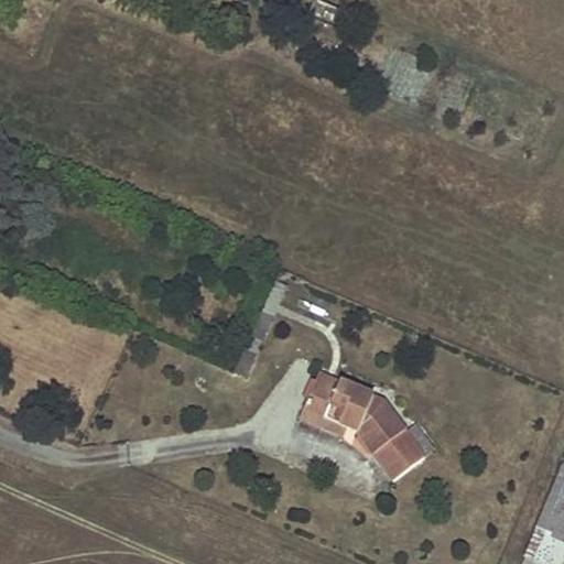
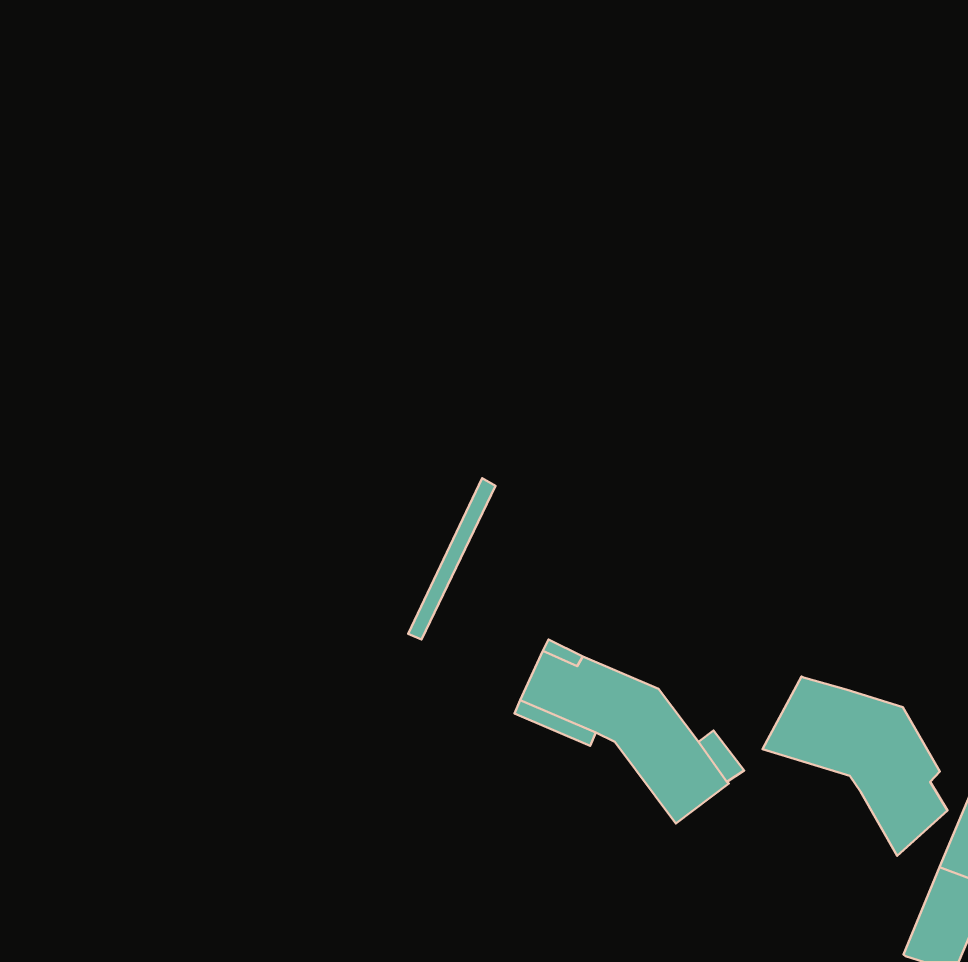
building: none -> [763,676,947,856]

